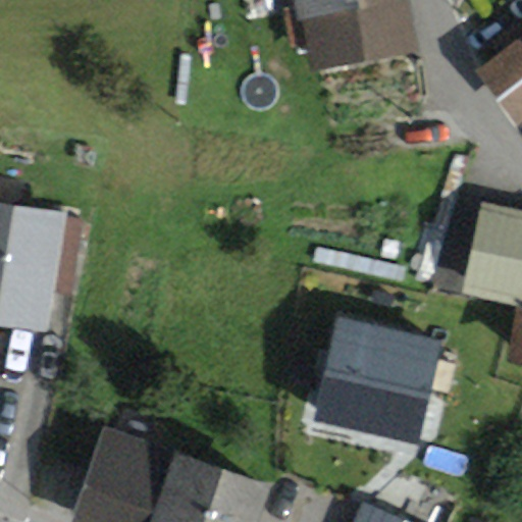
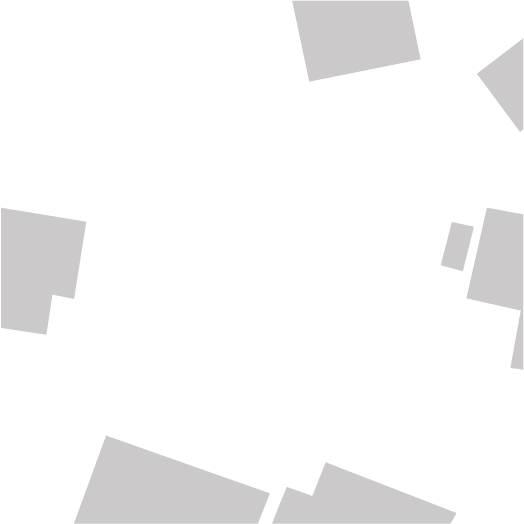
building: [314,316,440,442] -> none

